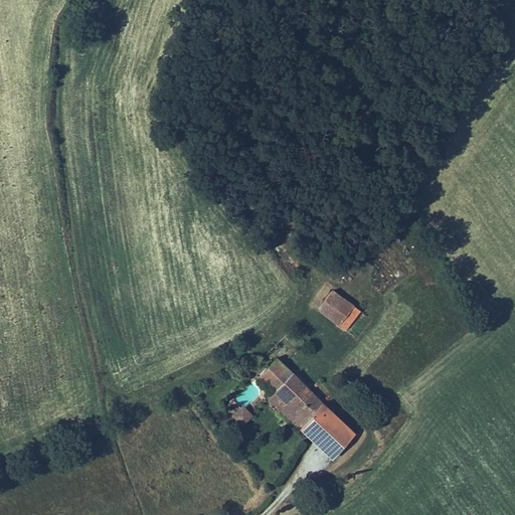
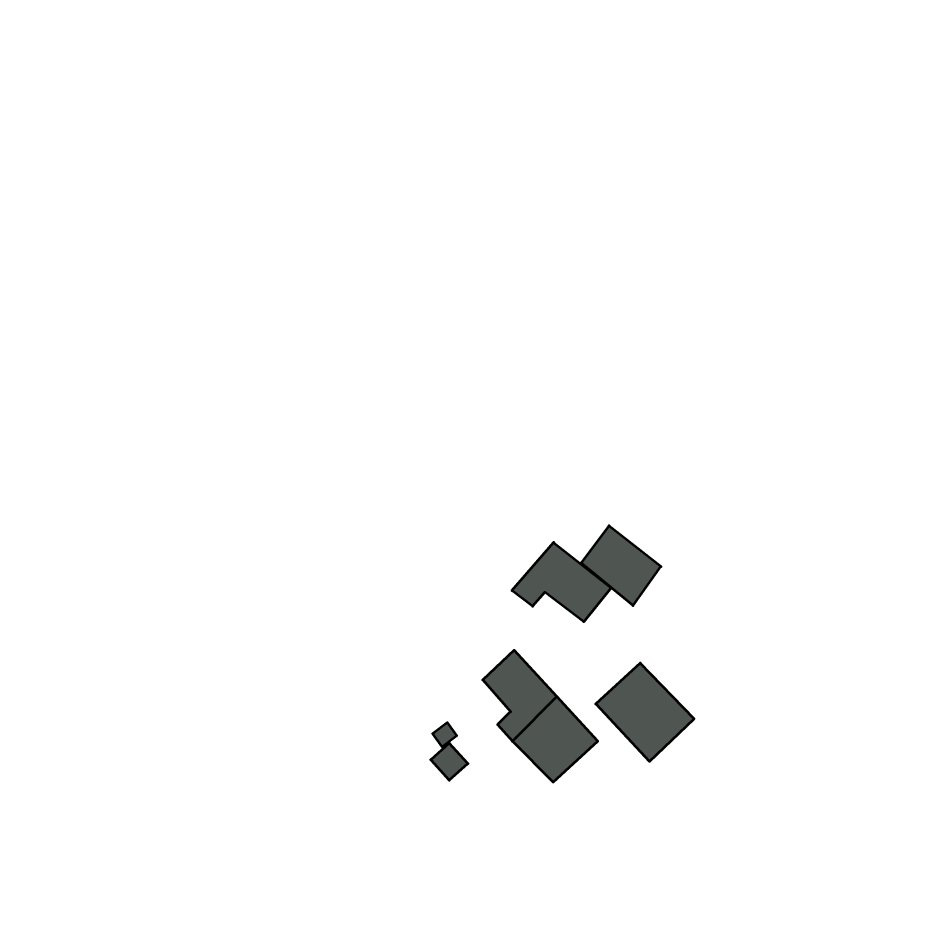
building: none -> [512,542,611,622]
building: [302,406,355,460] -> [596,663,694,761]

